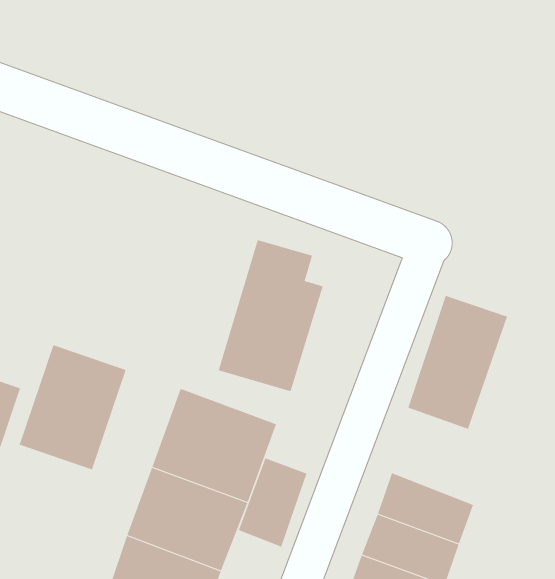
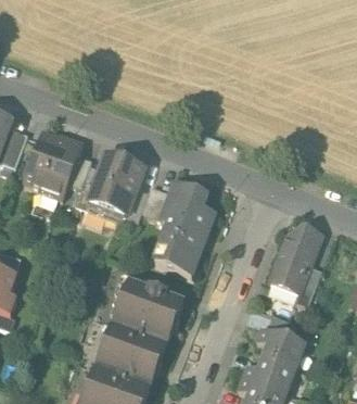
building: none -> [25,123,84,193]
building: [19,345,126,470] -> [81,149,146,225]
building: [238,457,307,547] -> none

